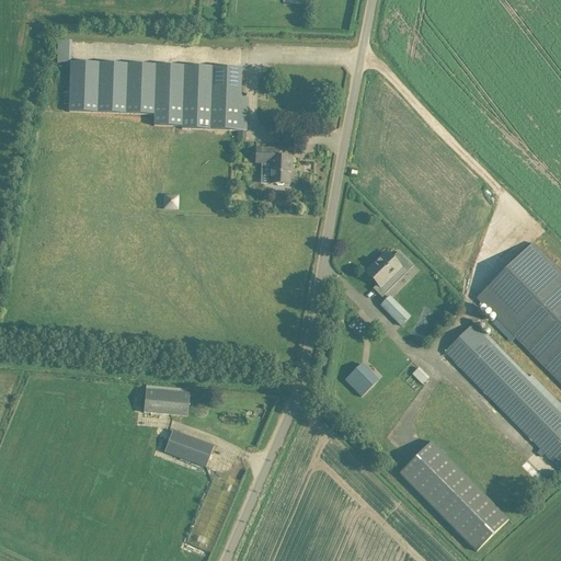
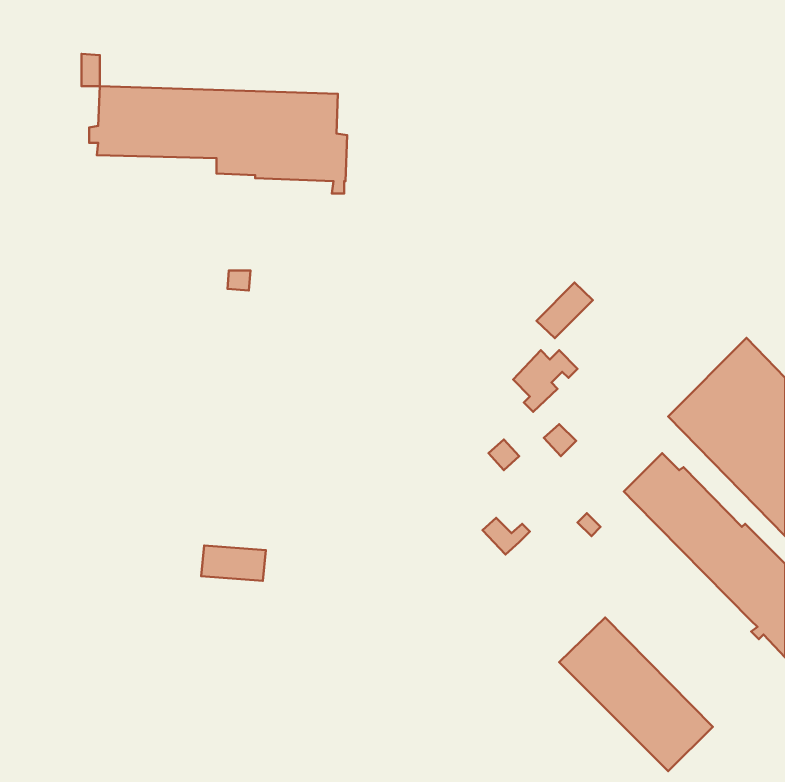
building: [256,147,293,183] -> none
building: none -> [536,283,593,338]
building: [164,430,214,466] -> none

